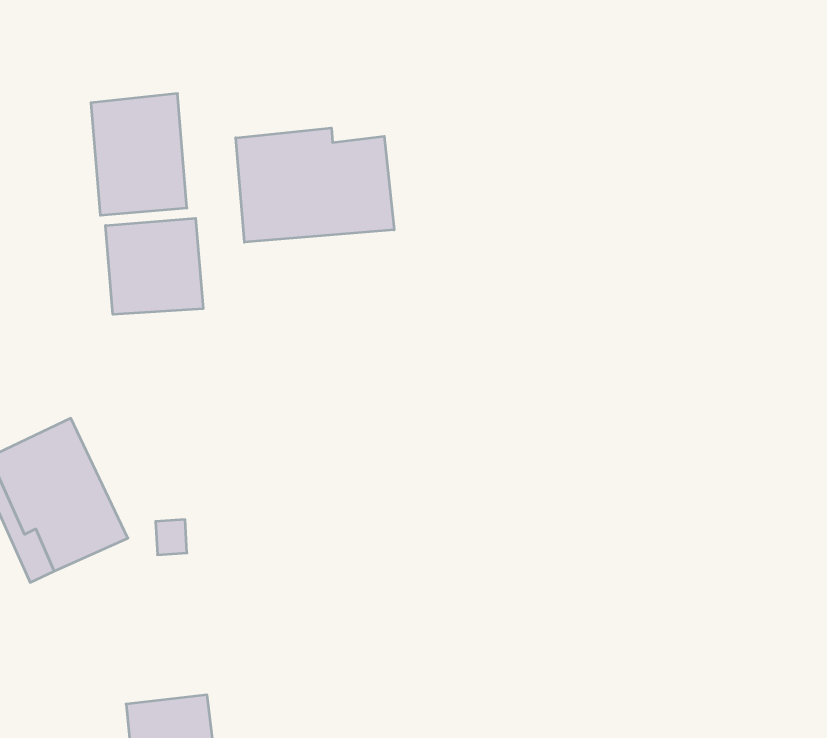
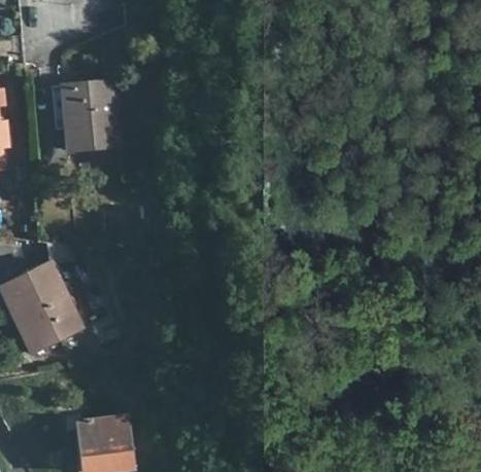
building: [236,128,394,242] -> none
building: [106,218,203,314] -> none

